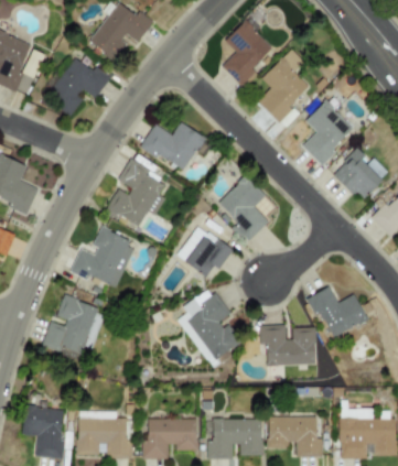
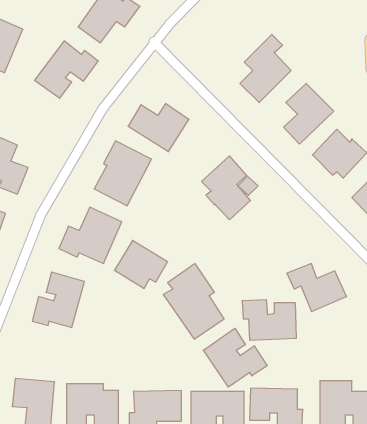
building: [223,20,275,84] -> none
building: [178,226,233,275] -> [114,240,168,288]
building: none -> [203,328,267,387]

